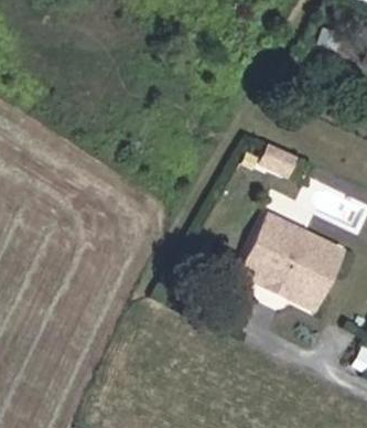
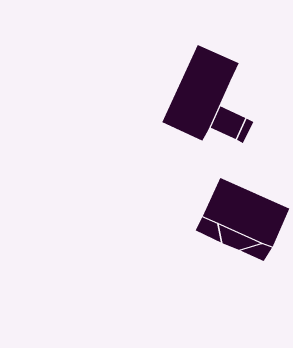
building: none -> [162,44,239,142]

